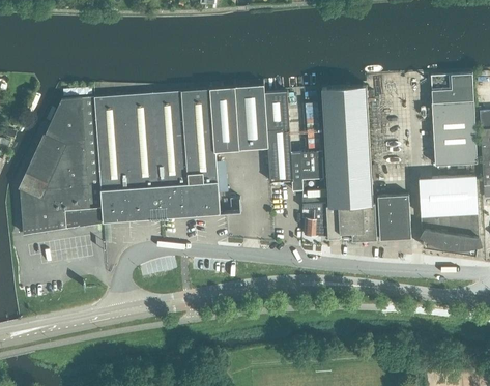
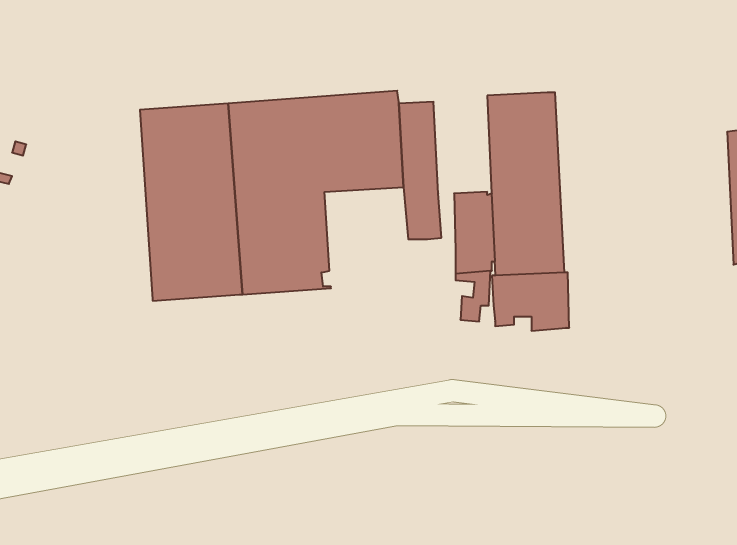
building: [430,72,477,165] -> none
building: [19,96,103,234] -> none
building: [419,175,479,254] -> none
building: [377,195,410,239] -> none

